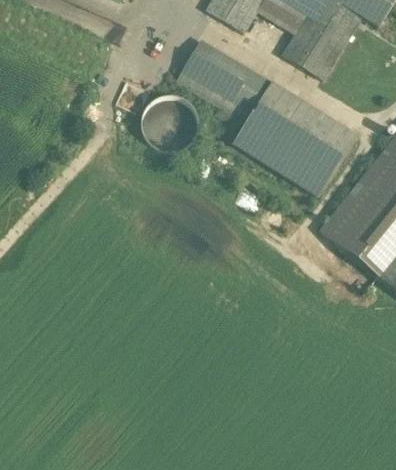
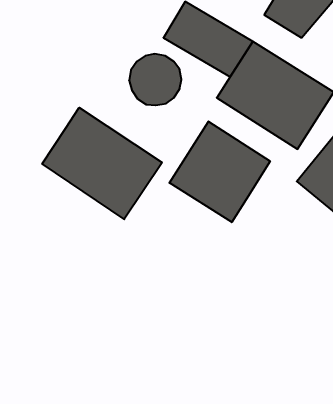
building: none -> [42,108,162,219]
building: none -> [169,121,270,222]

